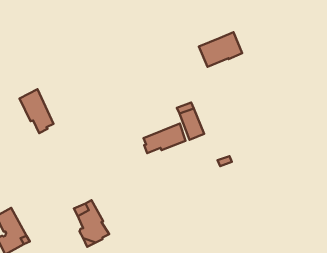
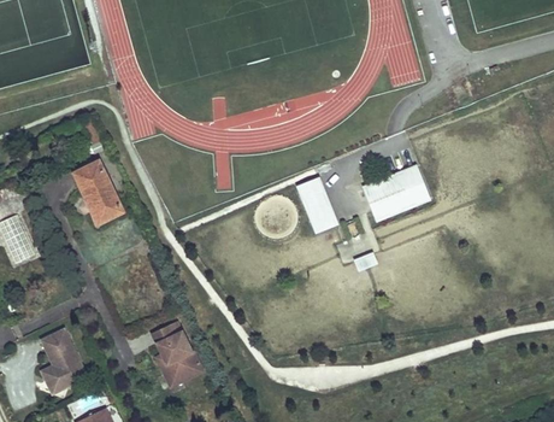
building: [199,32,242,67] -> [365,169,426,218]
building: [144,124,186,153] -> none

